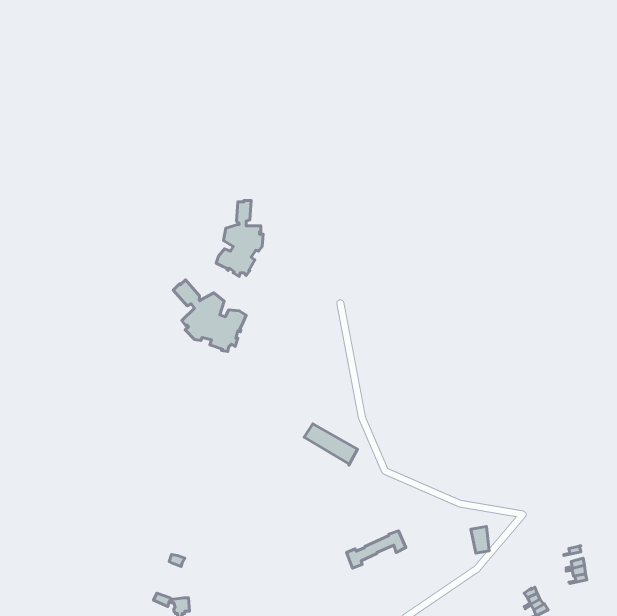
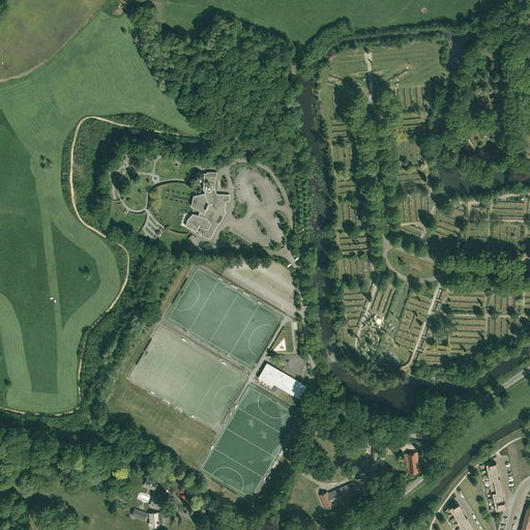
building: [173,280,246,351] -> none
building: [347,531,406,568] -> [320,477,371,509]

